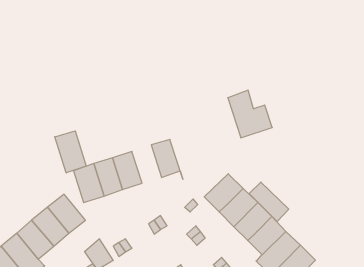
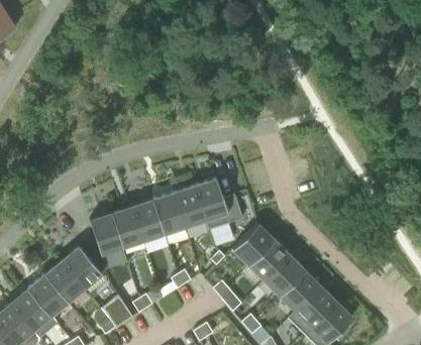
building: [228,90,272,138] -> [194,179,242,230]
building: [55,131,86,173] -> none
building: none -> [152,193,185,234]
building: [249,182,289,222] -> none

